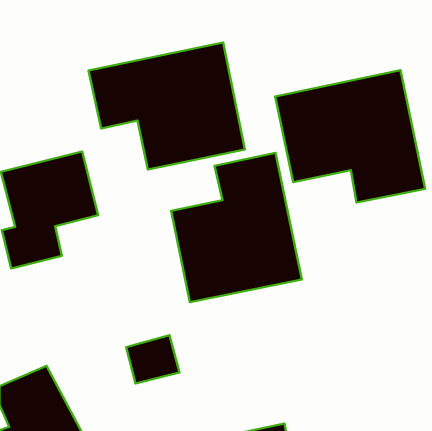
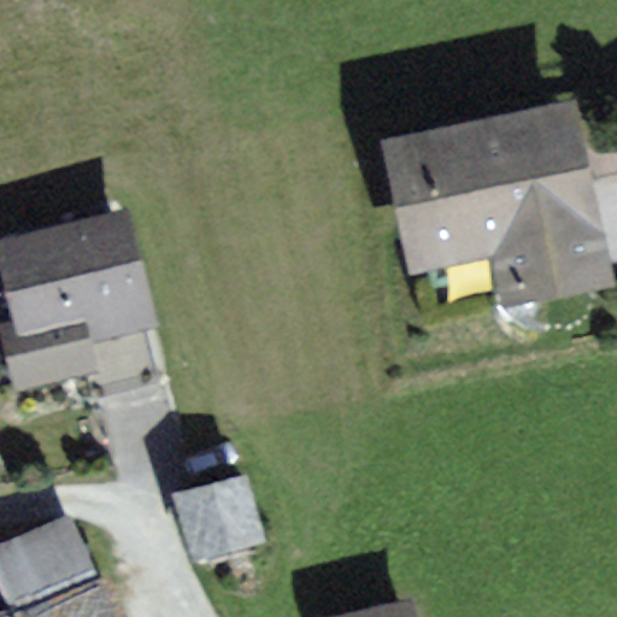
building: [88,42,245,170] -> none
building: [171,153,302,302] -> none

